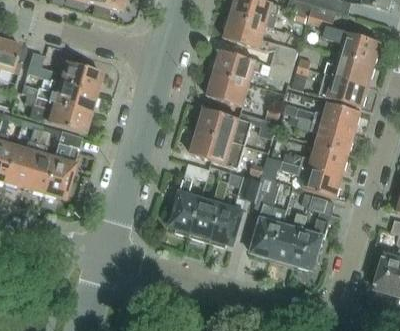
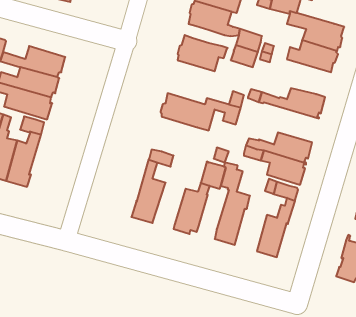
building: [317,73,367,107] -> none
building: [208,74,253,108] -> none
building: [297,116,355,153] -> none
building: [191,130,245,167] -> none
building: [189,178,229,241] -> none
building: [271,212,307,264] -> none

